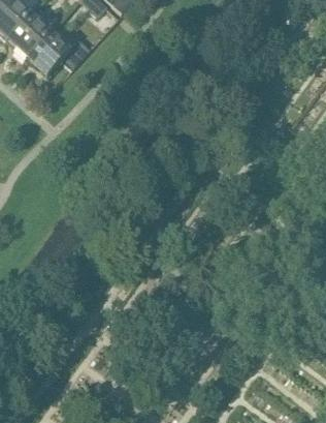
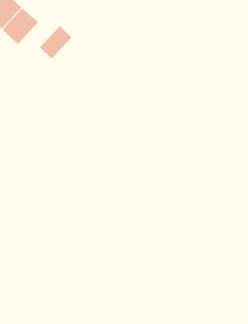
building: none -> [39,25,72,59]

